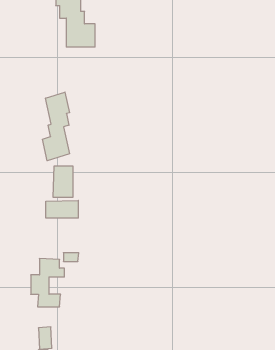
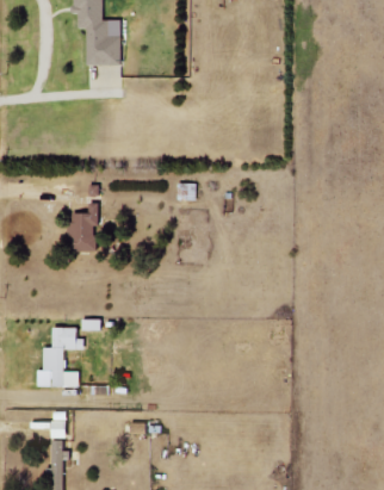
building: [42,92,69,161] -> none
building: [46,200,78,218] -> none

